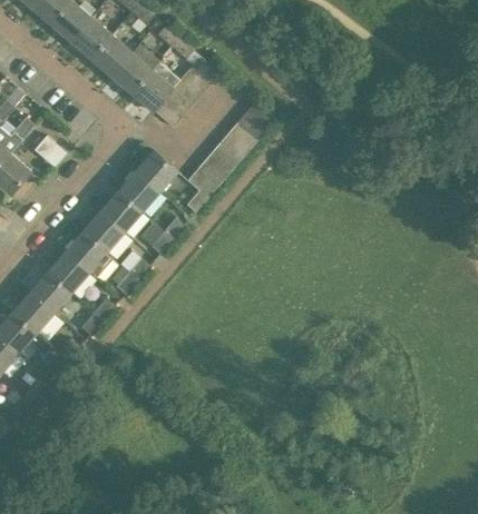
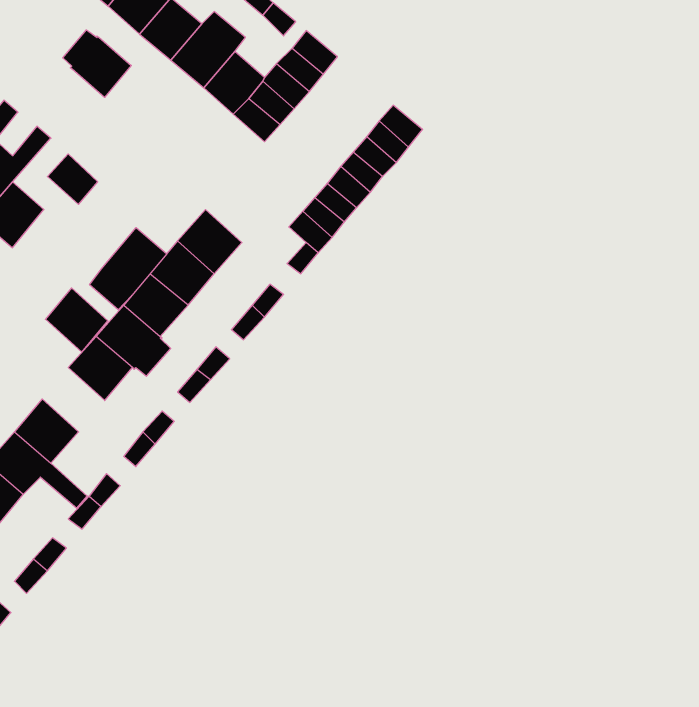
building: none -> [63,30,131,97]
building: [134,150,176,192] -> none
building: none -> [90,228,167,310]
building: [29,273,69,314] -> [45,288,108,352]

